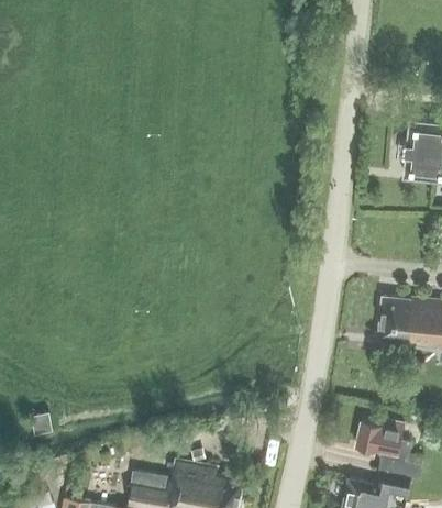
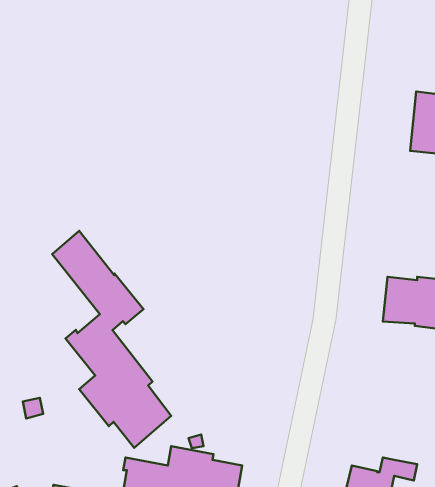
building: none -> [52,231,171,448]
building: [355,421,423,481] -> none

